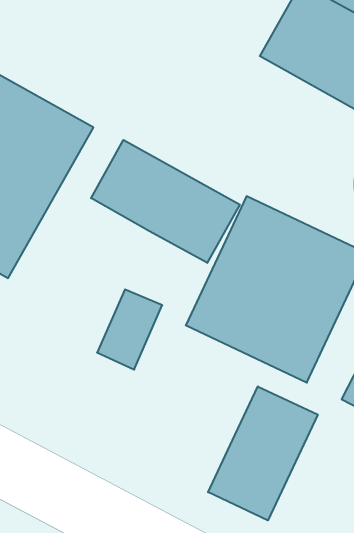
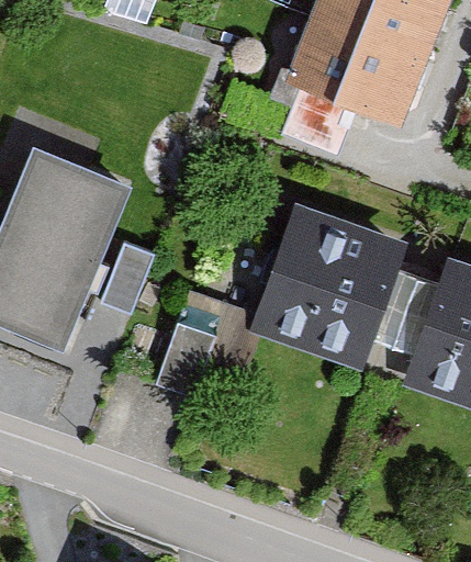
building: [91,140,240,263] -> none
building: [208,386,318,520] -> none

